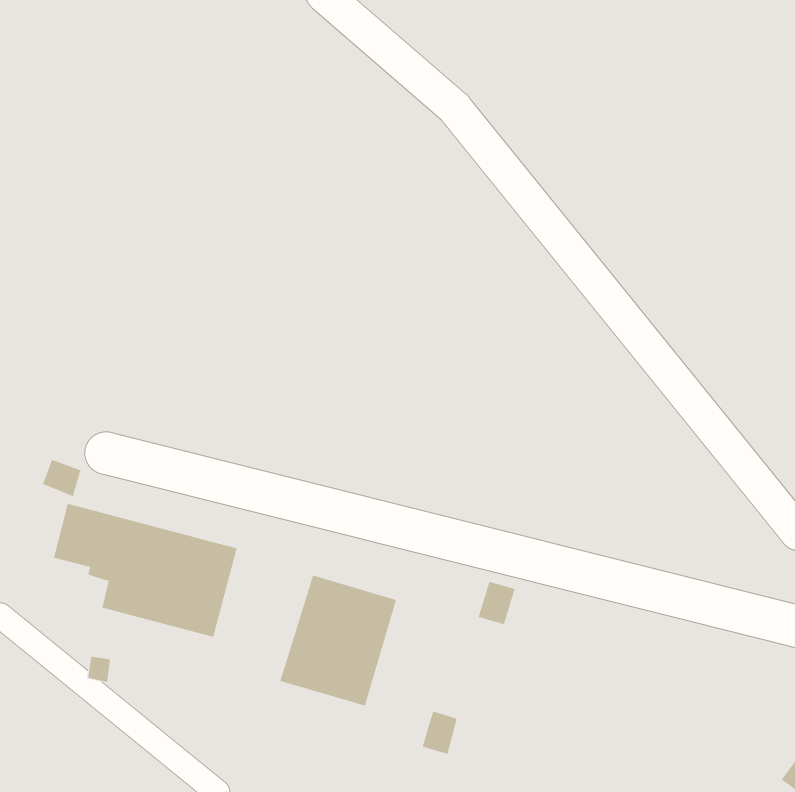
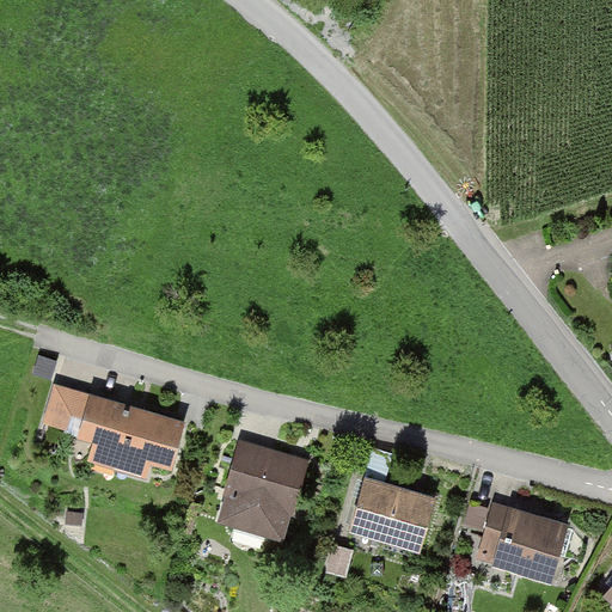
building: none -> [344,475,430,551]
building: none -> [489,504,564,581]

